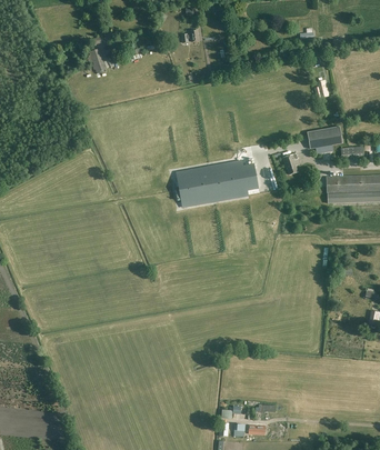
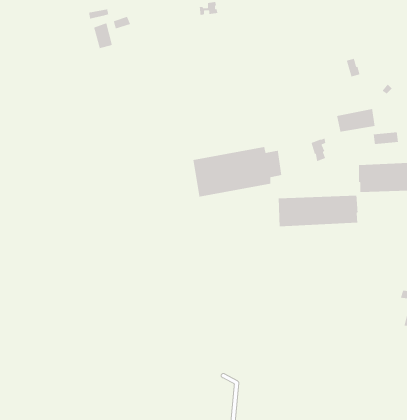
building: none -> [278,195,359,227]

